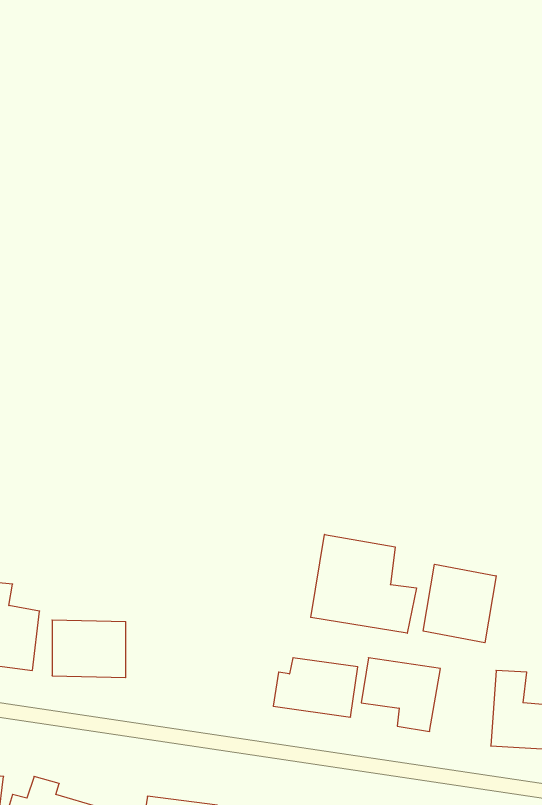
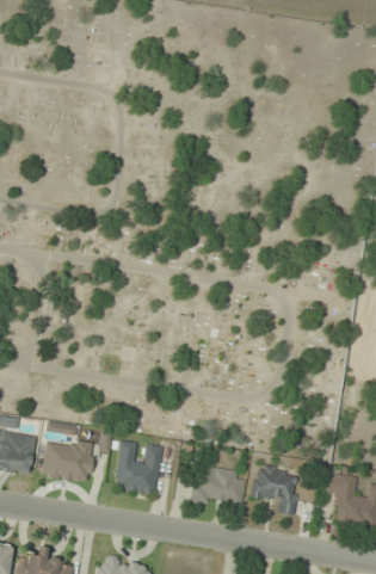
building: [311,534,416,633] -> none
building: [423,564,496,643] -> none
building: none -> [113,440,161,494]

